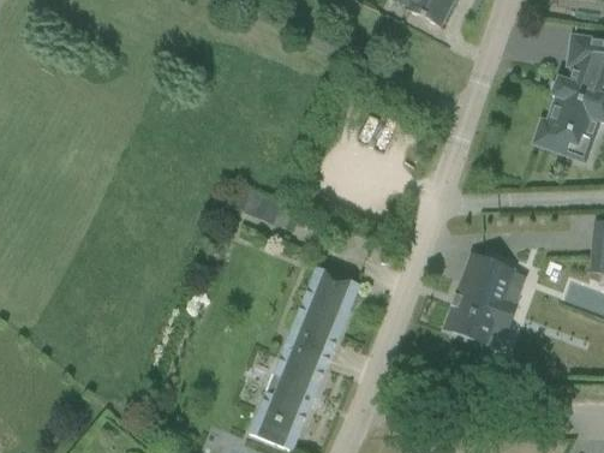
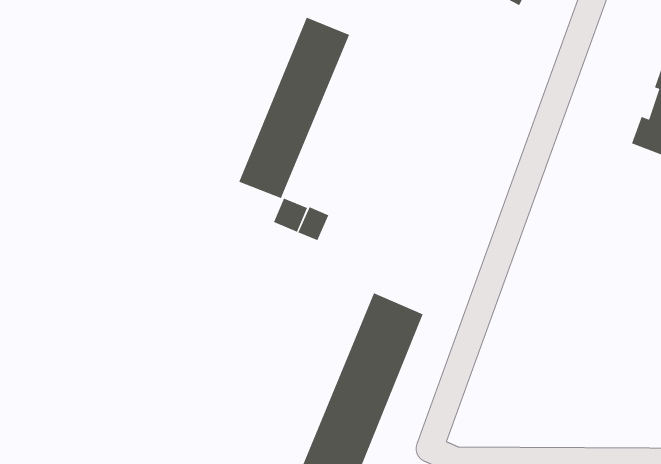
building: none -> [239,17,350,199]
building: [445,254,518,342] -> none

